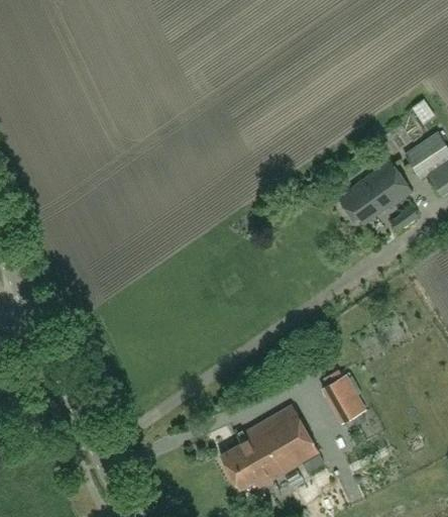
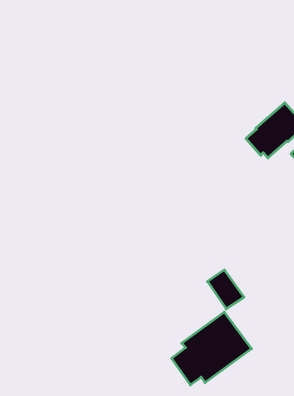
building: [323,368,365,415] -> [207,270,244,309]

